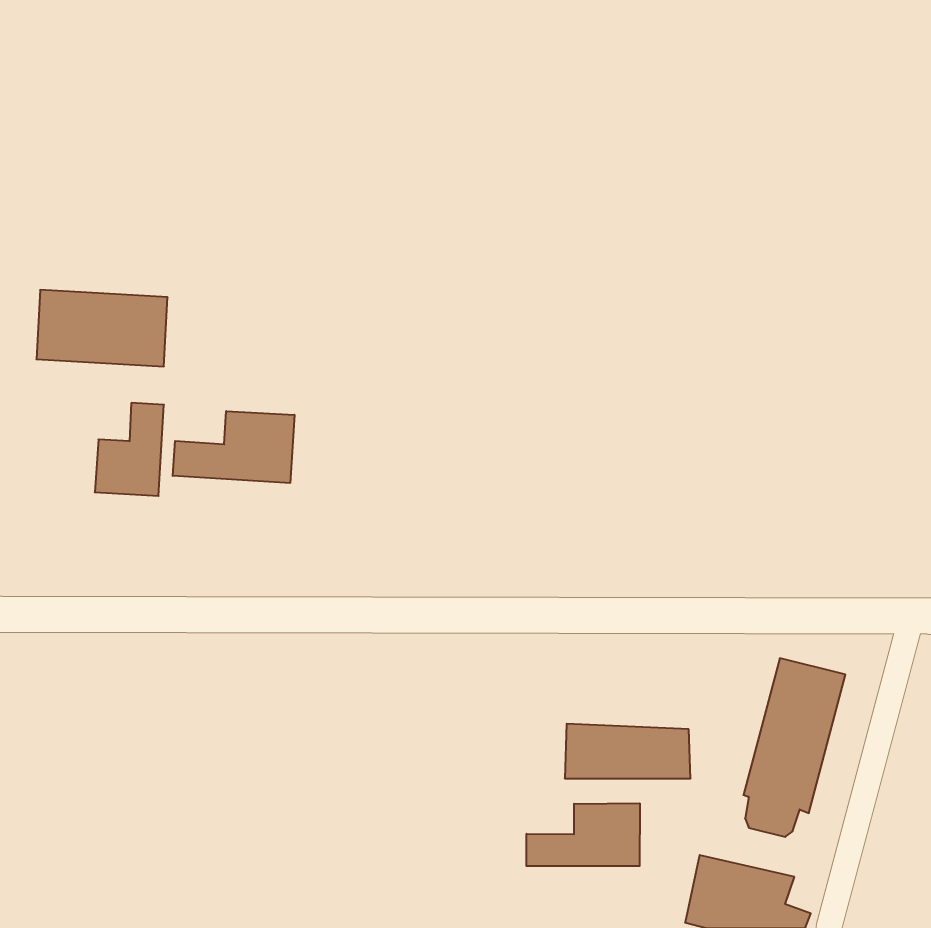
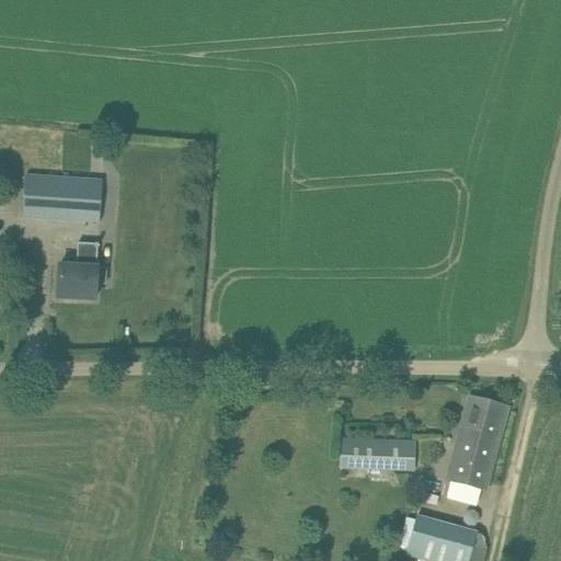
building: [173,411,294,483] -> none
building: [526,803,640,866] -> none

